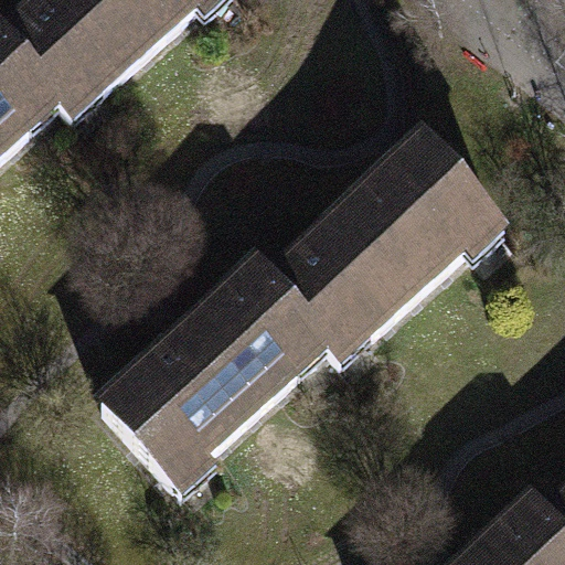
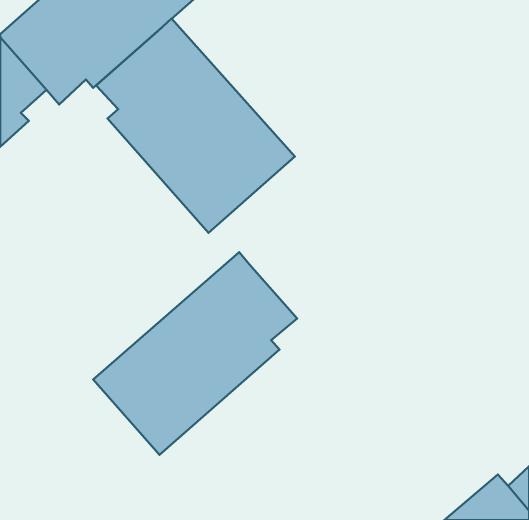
building: none -> [96,19,295,233]
building: [266,145,494,354] -> none

